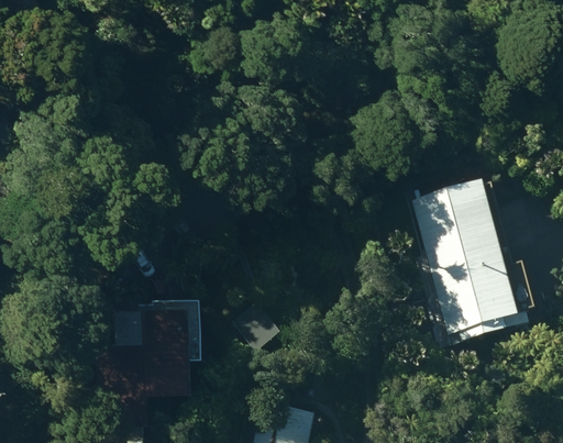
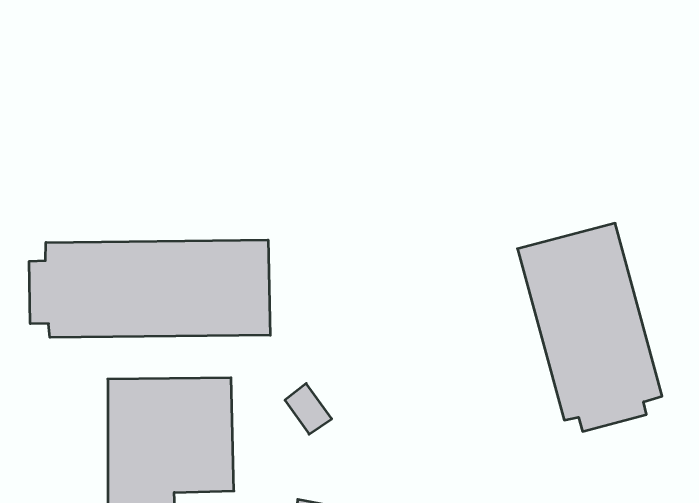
building: none -> [29,240,270,337]

